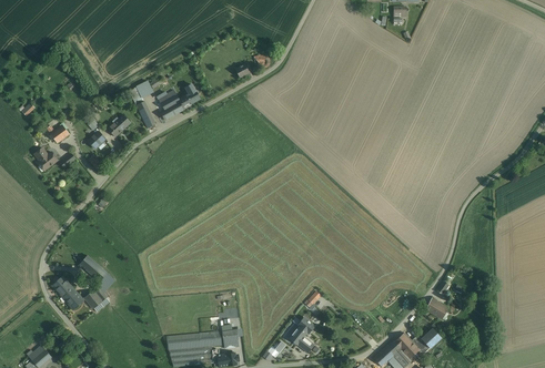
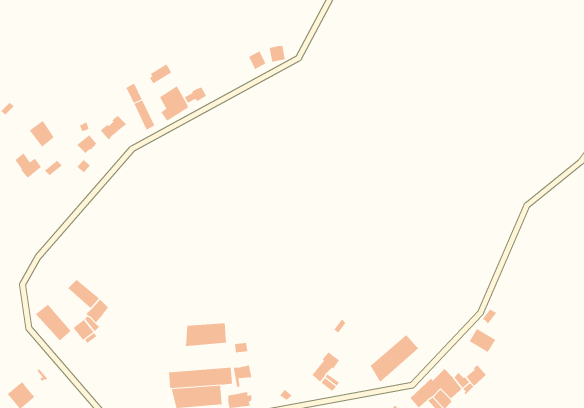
building: none -> [185,322,227,347]
building: none -> [370,334,419,383]

